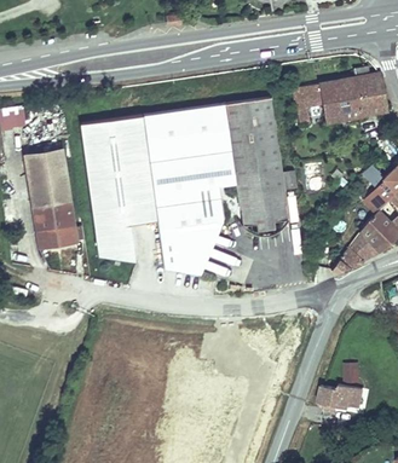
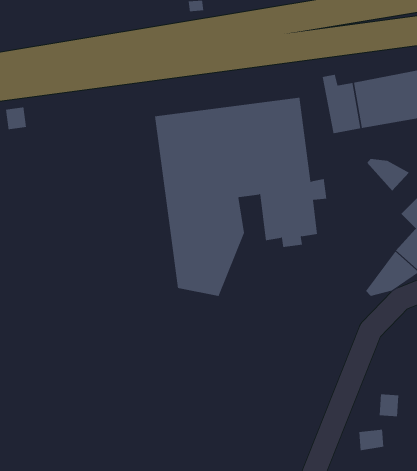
building: [79,114,156,261] -> none
building: [22,147,77,248] -> none
building: none -> [367,158,410,192]

